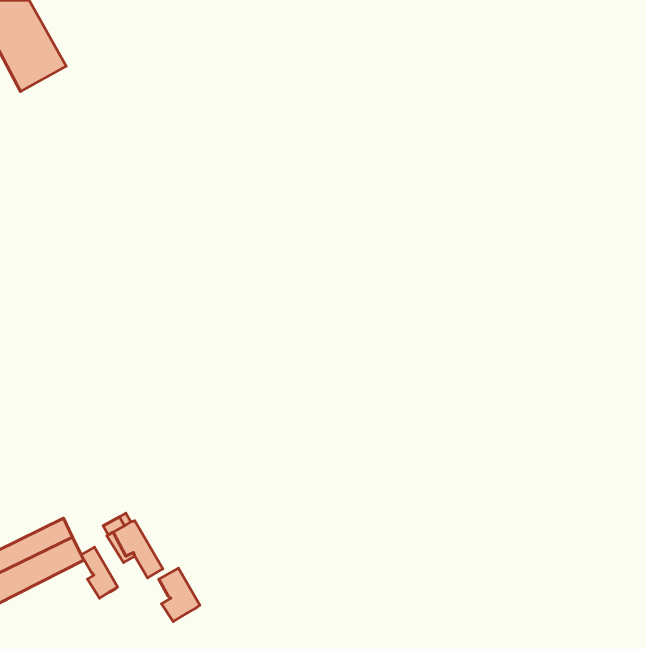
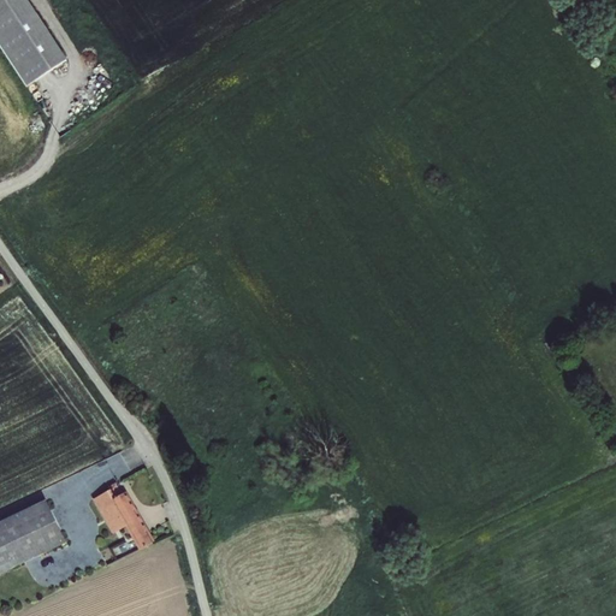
building: [81,547,117,598] -> none
building: [159,568,200,621] -> none

